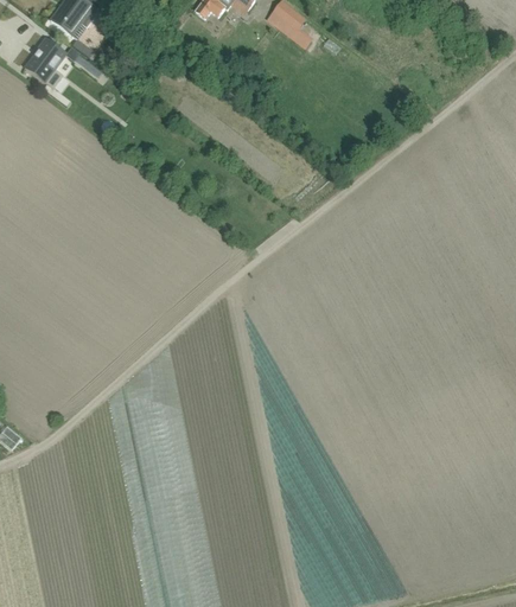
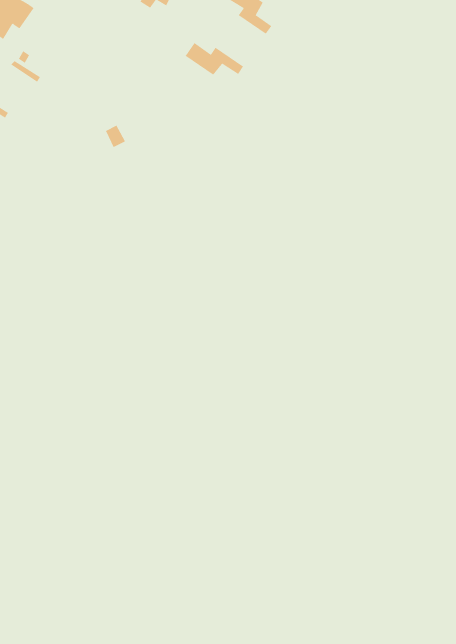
building: none -> [185,42,244,76]

